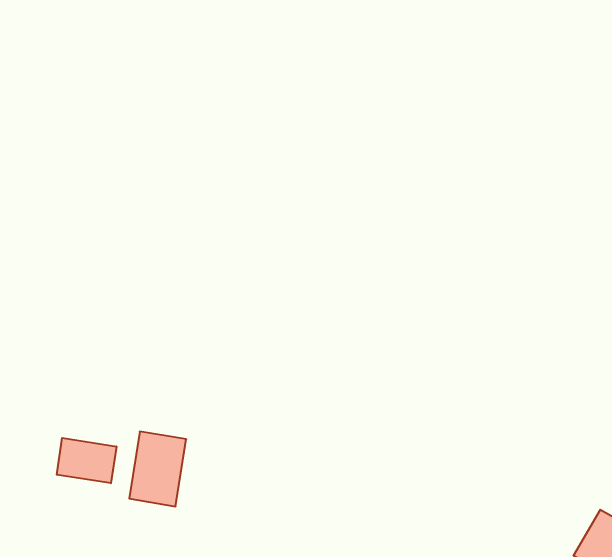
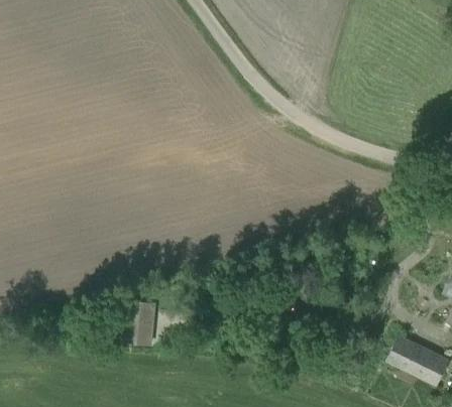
building: [57,438,116,483] -> none

